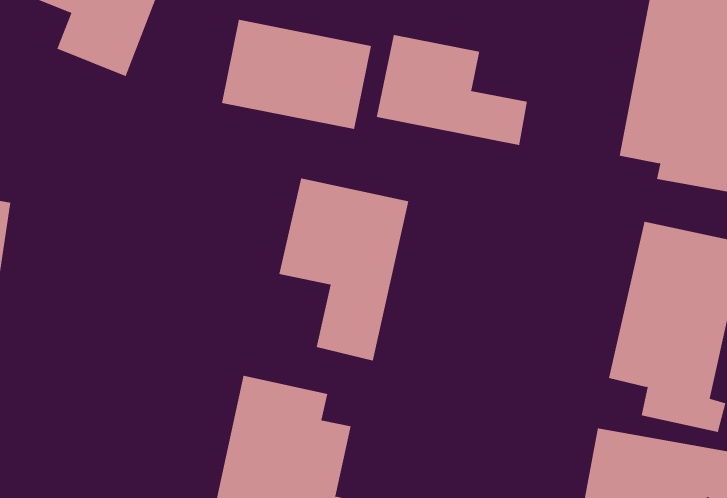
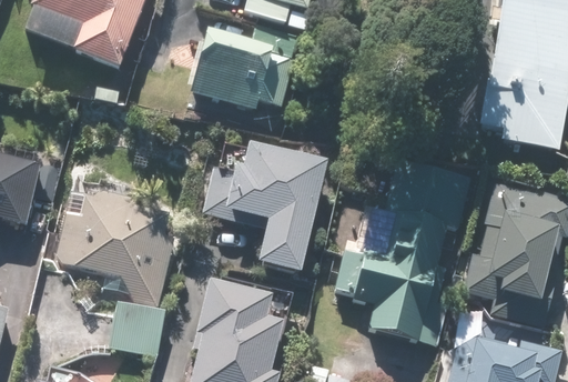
building: [376,34,527,146] -> none
building: none -> [338,159,473,336]
building: none -> [59,175,179,304]
building: none -> [108,301,164,356]

